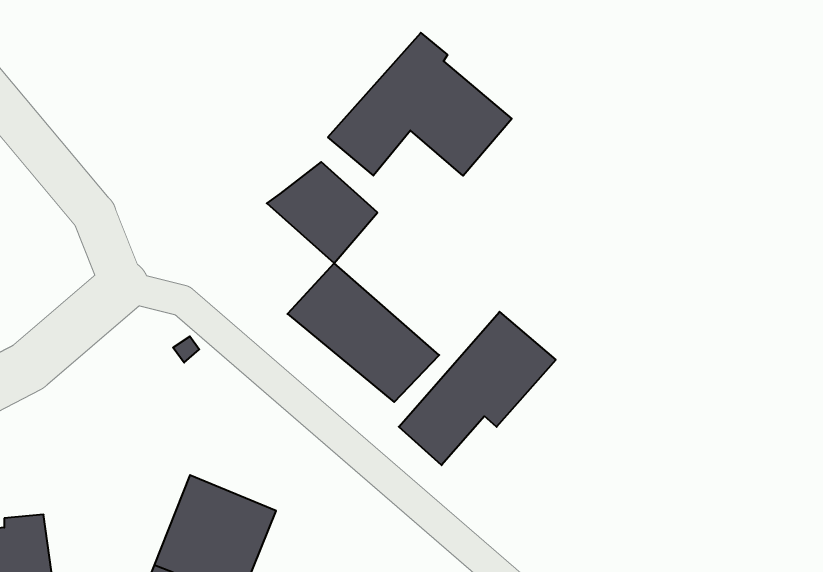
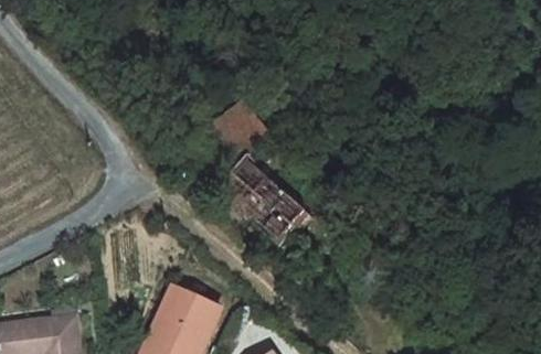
building: [328,33,512,176] -> none
building: [399,312,556,465] -> none

